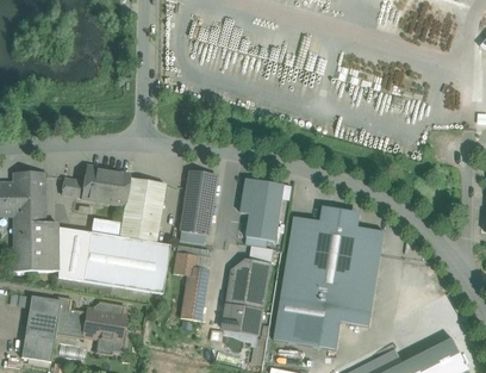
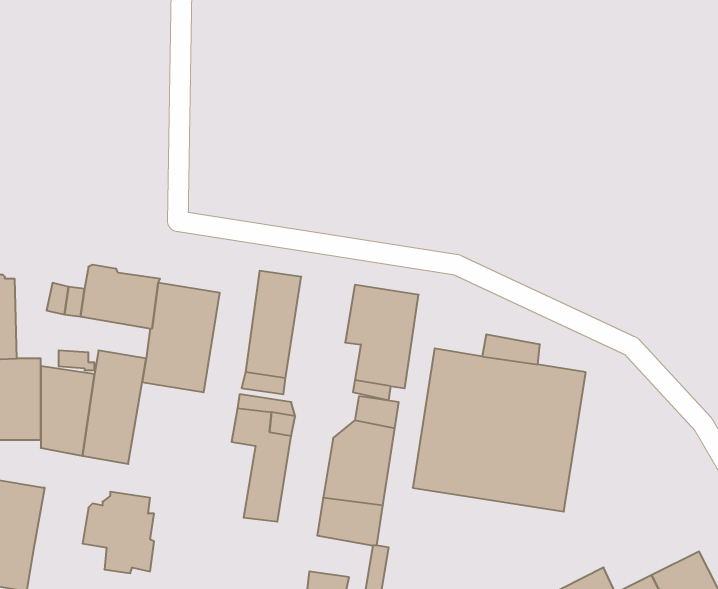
building: [111,236,170,292] -> none
building: [55,297,87,336] -> none
building: [274,299,372,349] -> none

